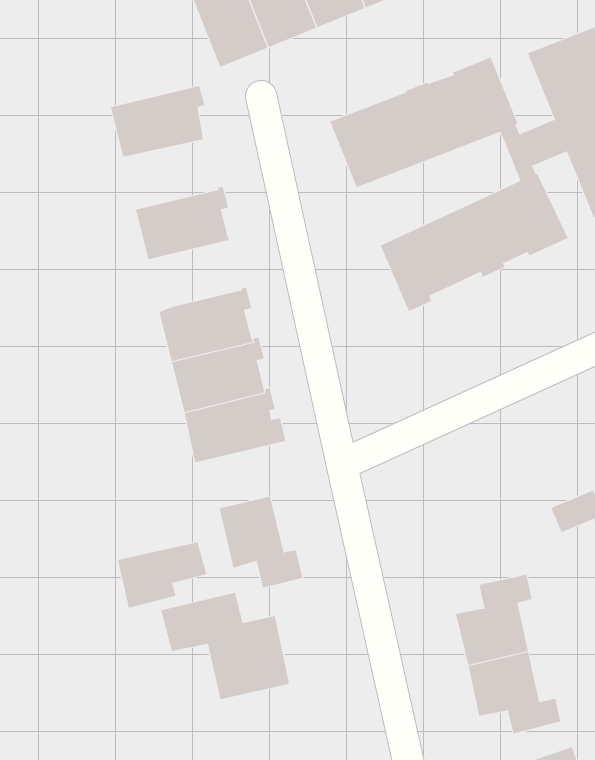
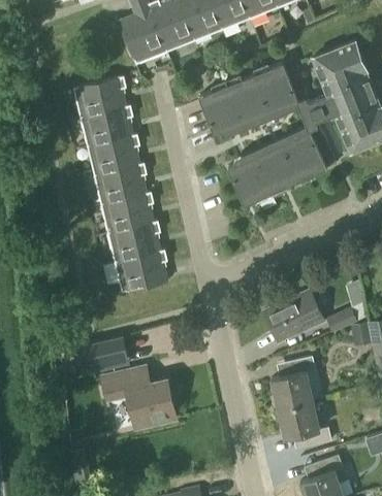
building: none -> [79,104,134,146]
building: none -> [94,162,148,205]
building: none -> [264,291,323,341]
building: [219,496,303,588] -> none

